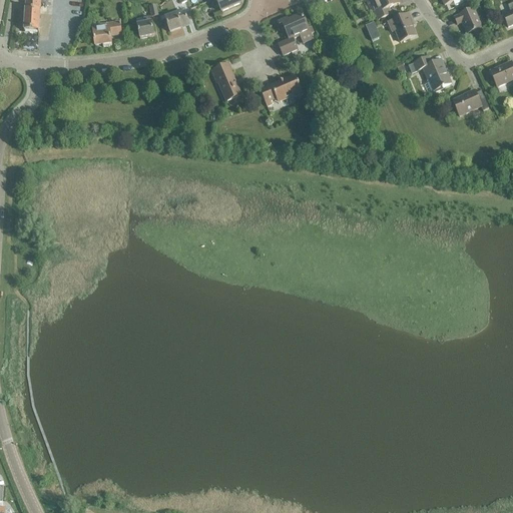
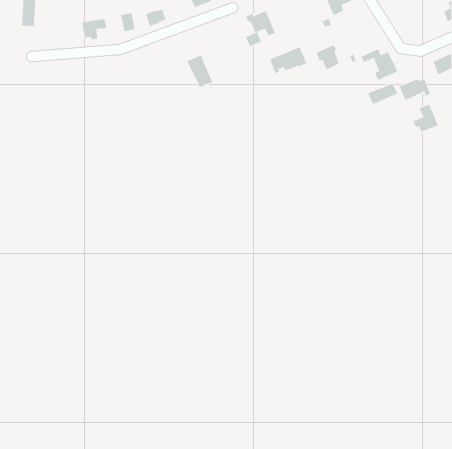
building: [454,6,482,32] -> none
building: [388,11,415,40] -> [316,44,340,70]
building: [260,73,303,104] -> [269,46,307,74]
building: none -> [368,83,398,105]
building: none -> [413,104,438,133]

